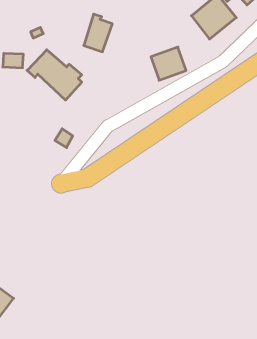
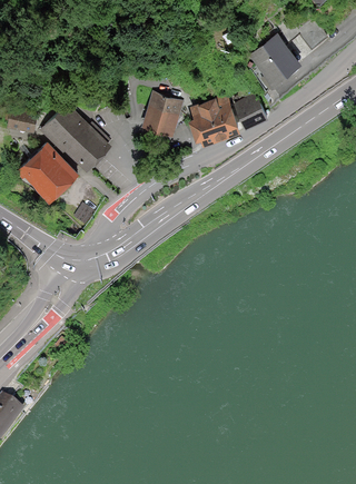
building: [84,14,112,52] -> [144,88,179,135]
building: none -> [235,96,265,126]
building: none -> [14,142,76,200]

